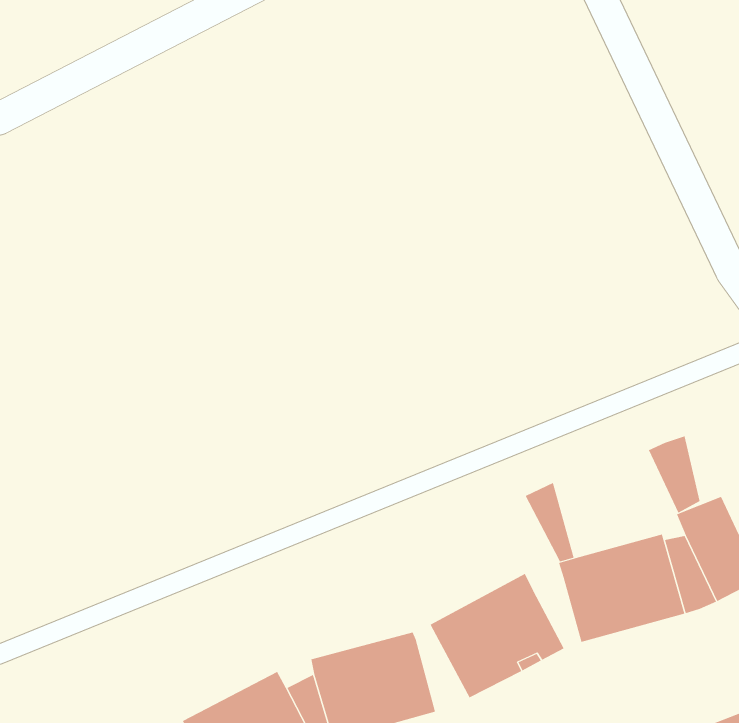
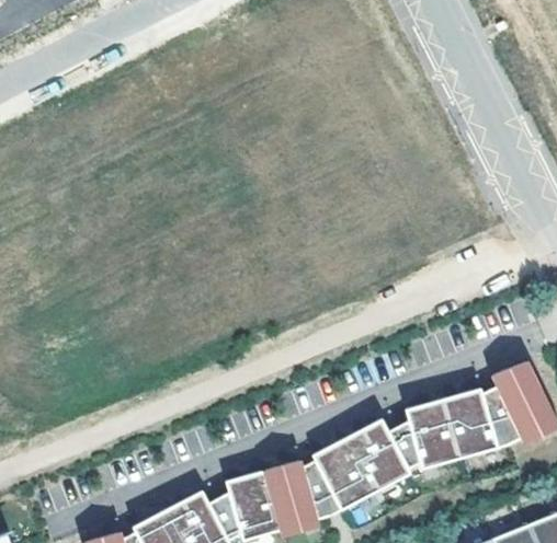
building: [648,436,700,513] -> none
building: [525,482,575,562] -> [390,420,427,478]
building: none -> [305,459,343,518]

